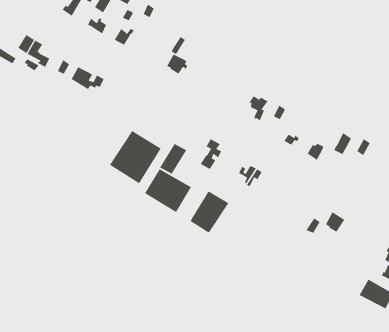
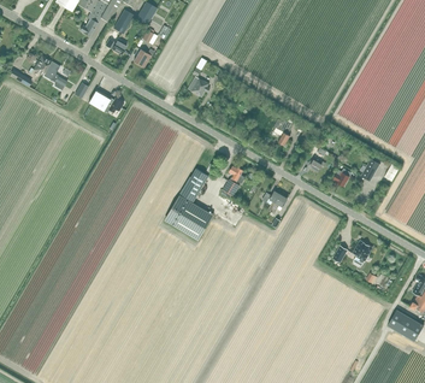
building: [109,130,161,184] -> none
building: [190,190,229,234] -> none

